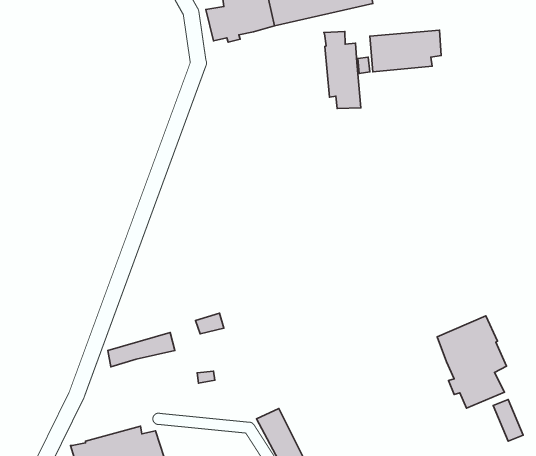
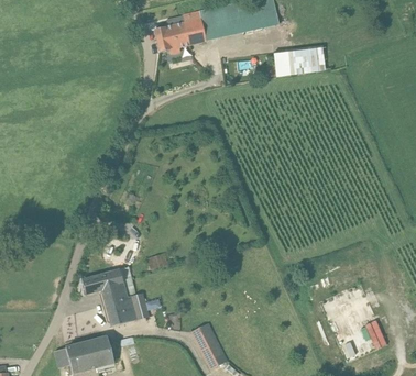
building: [324,32,361,108] -> none
building: [437,316,507,408] -> none
building: none -> [101,280,146,325]

